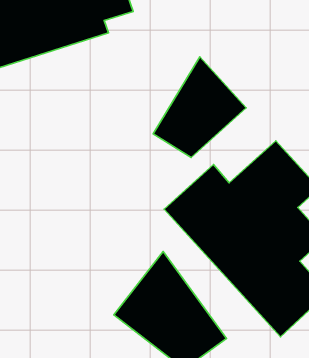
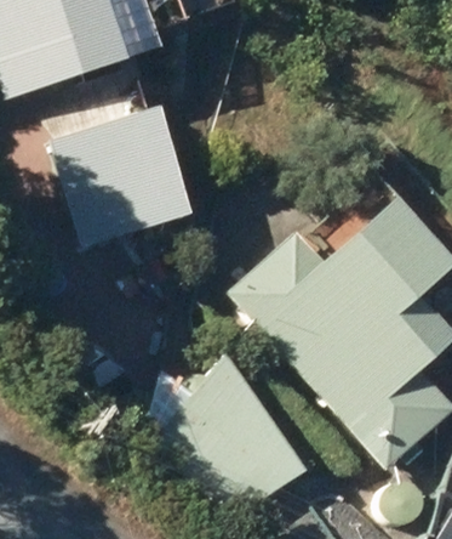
building: [153,57,246,158] -> none
building: none -> [41,109,174,246]

